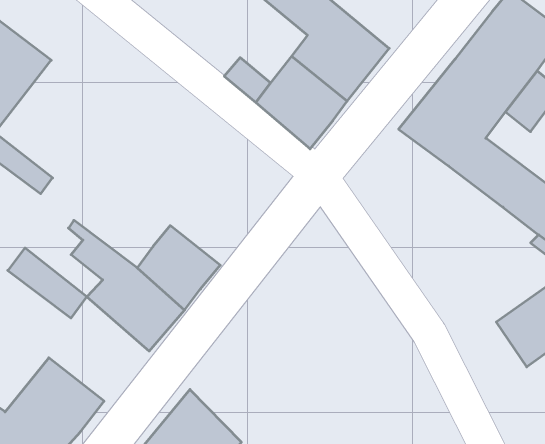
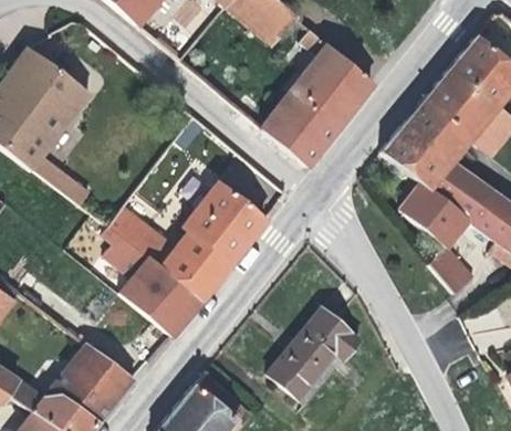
building: none -> [400,183,472,292]
building: none -> [184,185,267,266]
building: [8,248,87,318] -> [109,210,176,269]
building: none -> [268,307,362,406]

